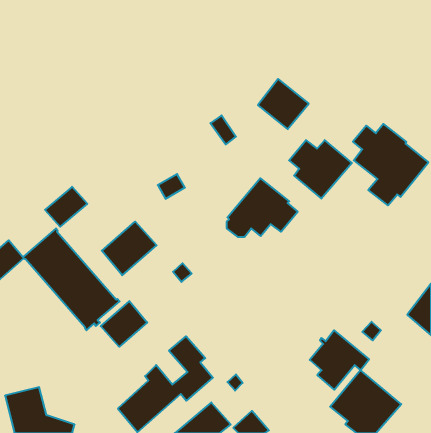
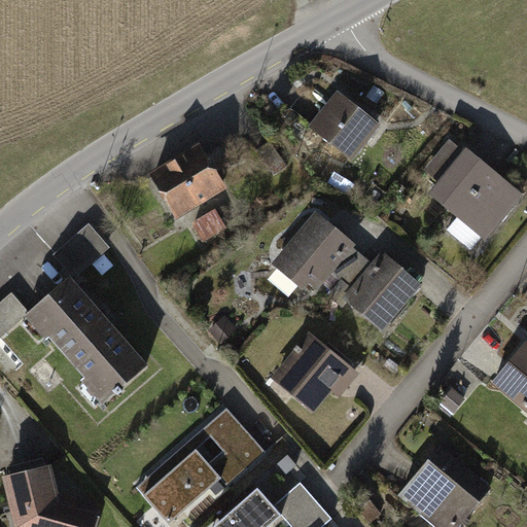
building: none -> [152,147,227,213]
building: [289,140,352,199] -> [341,256,417,327]
building: [102,222,157,275] -> none
building: [101,301,147,347] -> none
building: [310,330,369,390] -> [281,338,353,410]

